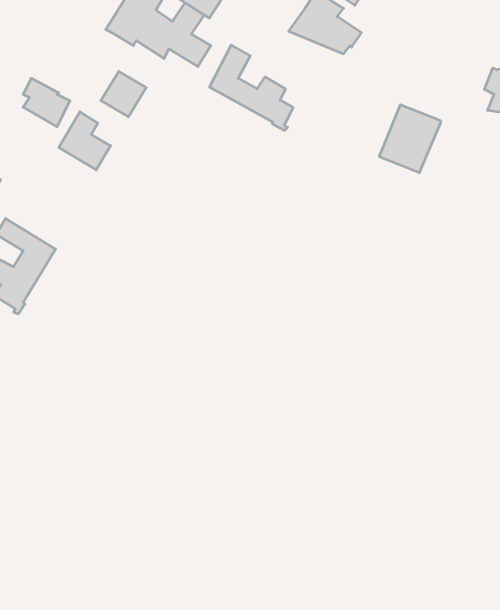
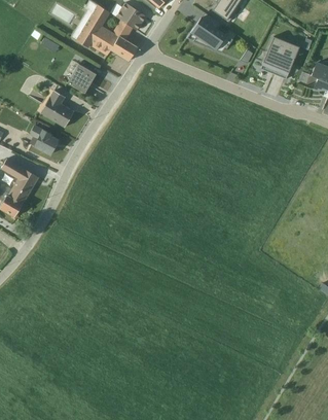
building: [210,45,293,130] -> none
building: [23,78,70,127] -> [29,125,59,155]
building: [379,105,441,173] -> [259,36,298,79]

